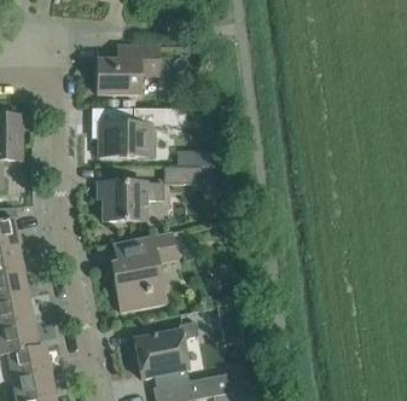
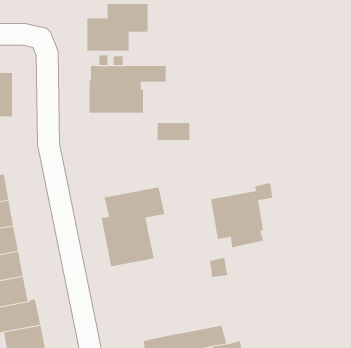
building: [98,181,164,220] -> none
building: [134,320,198,387] -> [210,182,273,248]

